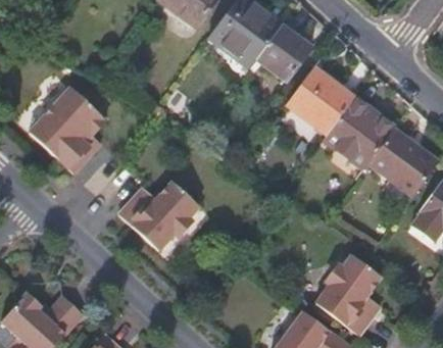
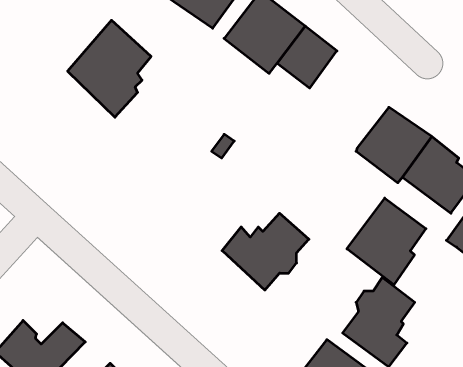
building: [287,68,358,138] -> none
building: [31,85,106,172] -> [68,20,151,117]
building: [120,180,199,249] -> [222,213,309,290]
building: none -> [347,198,426,285]

